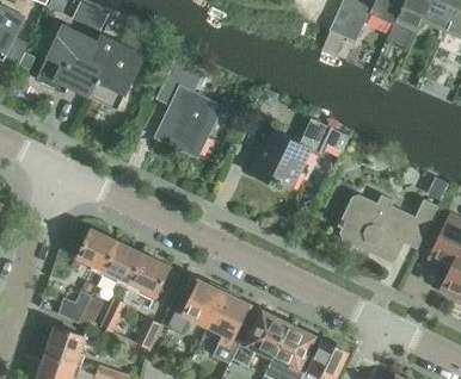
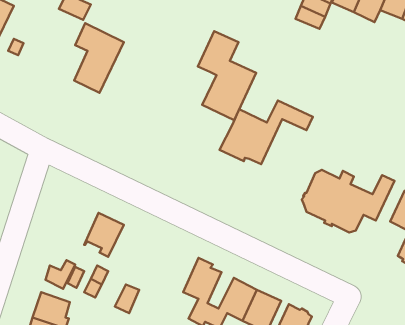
building: [35,25,103,98] -> none
building: [156,61,220,157] -> [198,31,256,120]
building: [75,229,115,275] -> none
building: [125,254,168,300] -> none
building: [166,280,223,334] -> none

